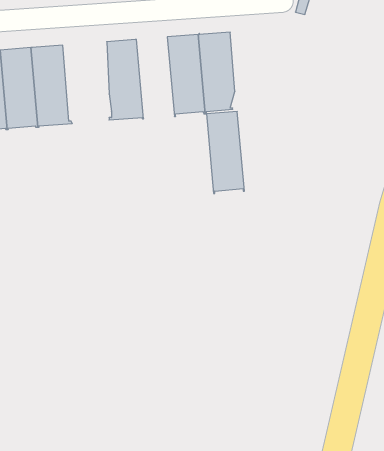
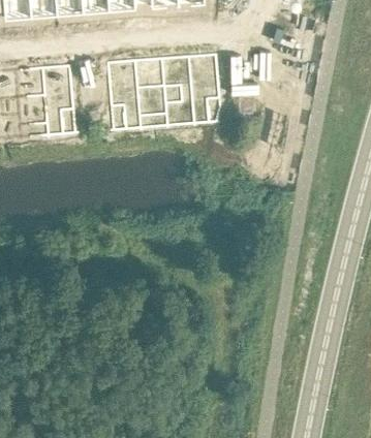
building: [206,112,244,193] -> [134,57,167,128]

